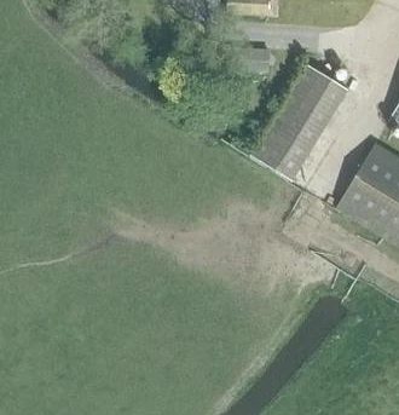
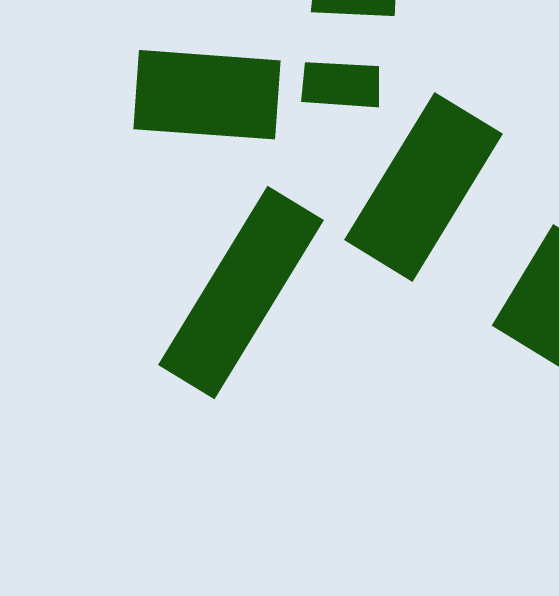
building: none -> [132,49,282,140]
building: none -> [157,185,325,401]

